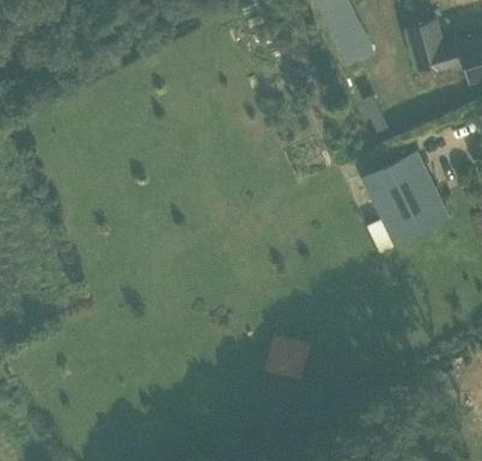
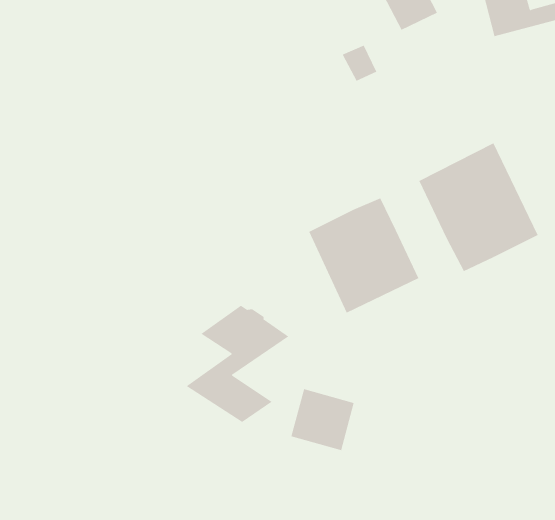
building: none -> [308,197,419,314]
building: none -> [185,305,289,423]

